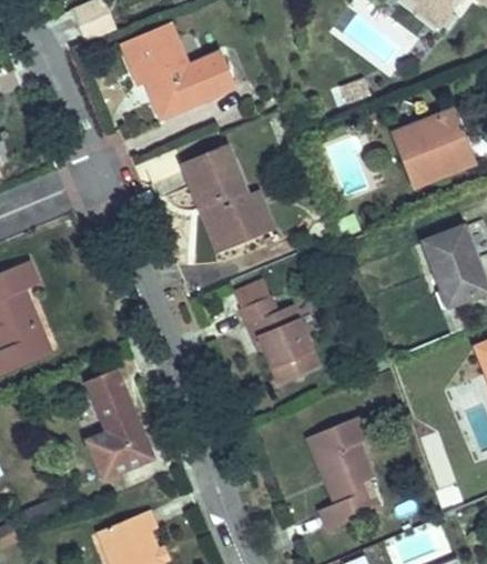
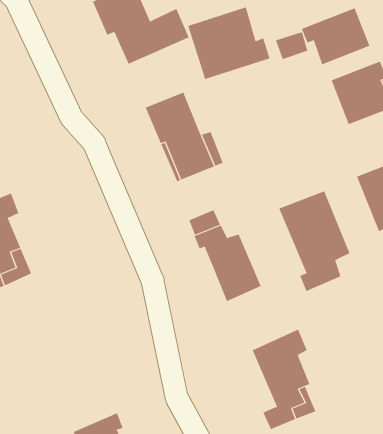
building: none -> [187,6,270,80]
building: none -> [301,8,370,65]
building: none -> [278,190,350,292]
building: [85,369,154,481] -> none

